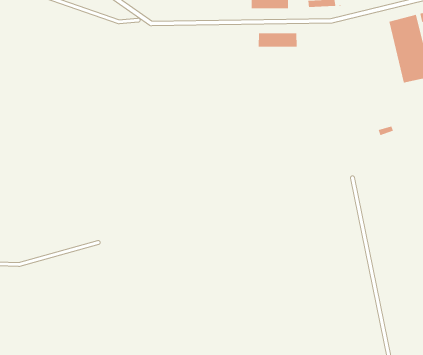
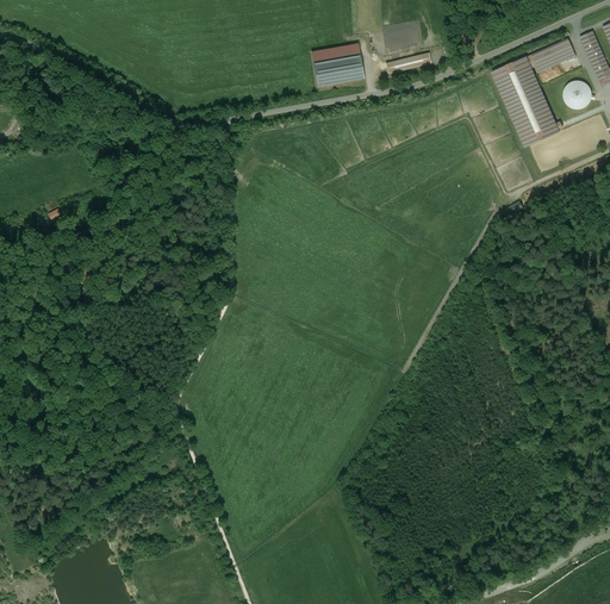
building: [258,32,297,47] -> none

